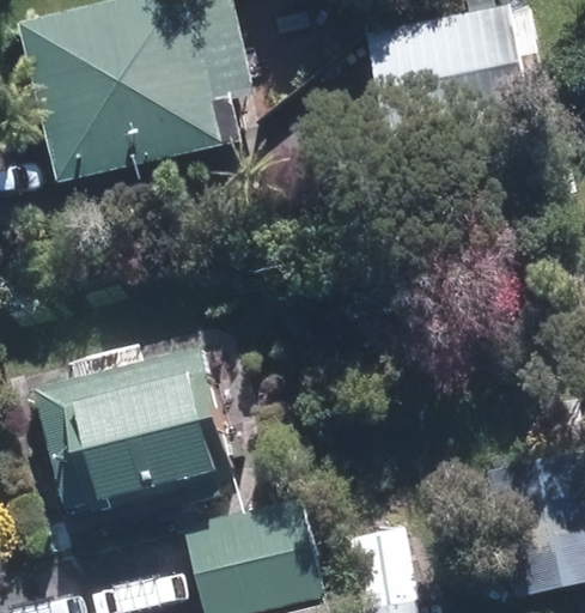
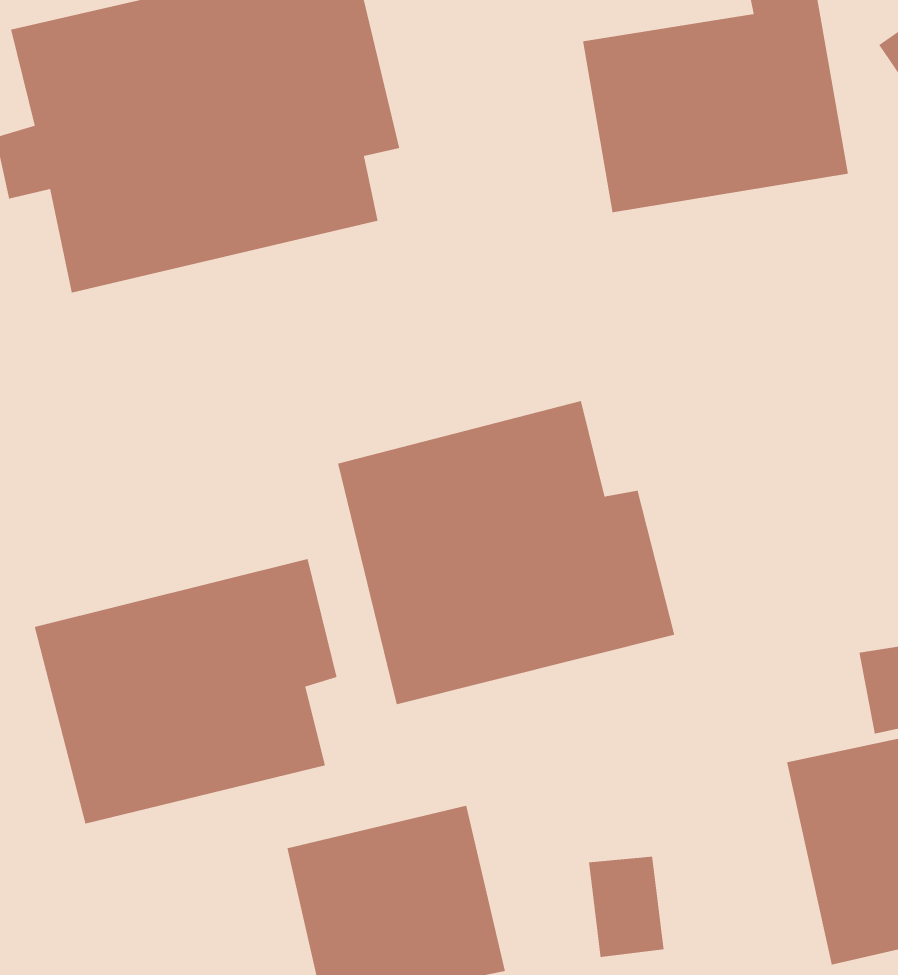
building: none -> [337,400,675,705]

